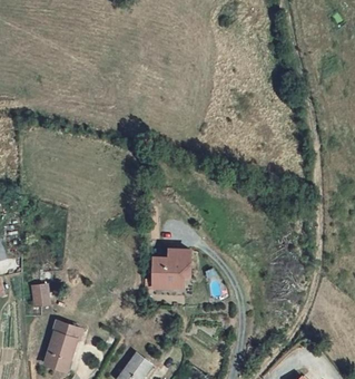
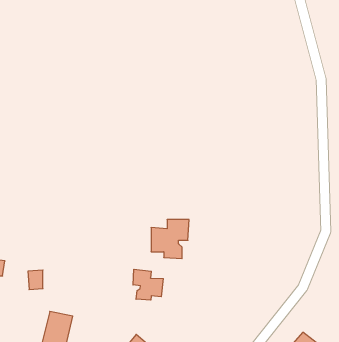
building: none -> [133,269,163,300]

